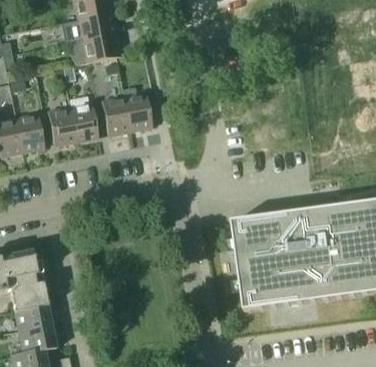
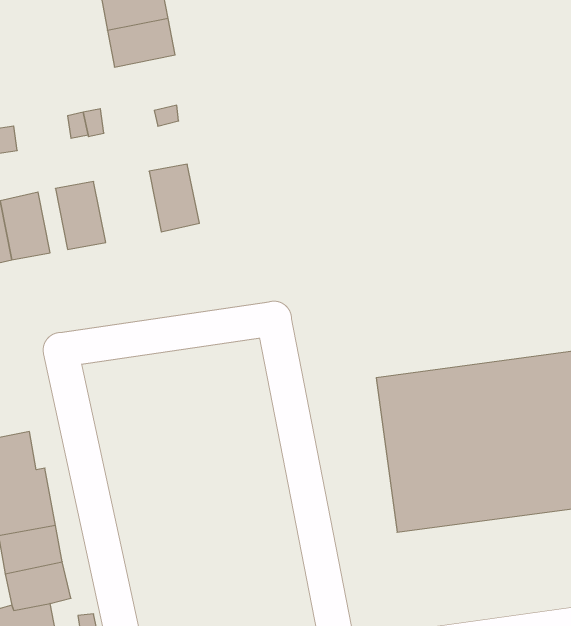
building: [69,33,119,64] -> none
building: [122,92,151,130] -> none
building: [68,102,97,141] -> none

